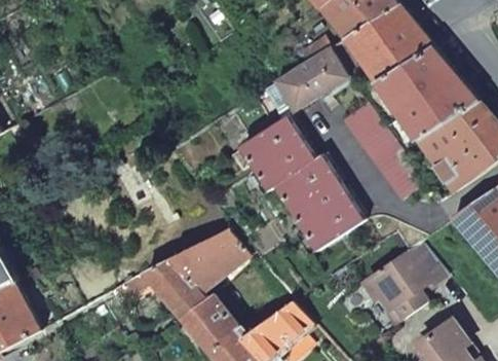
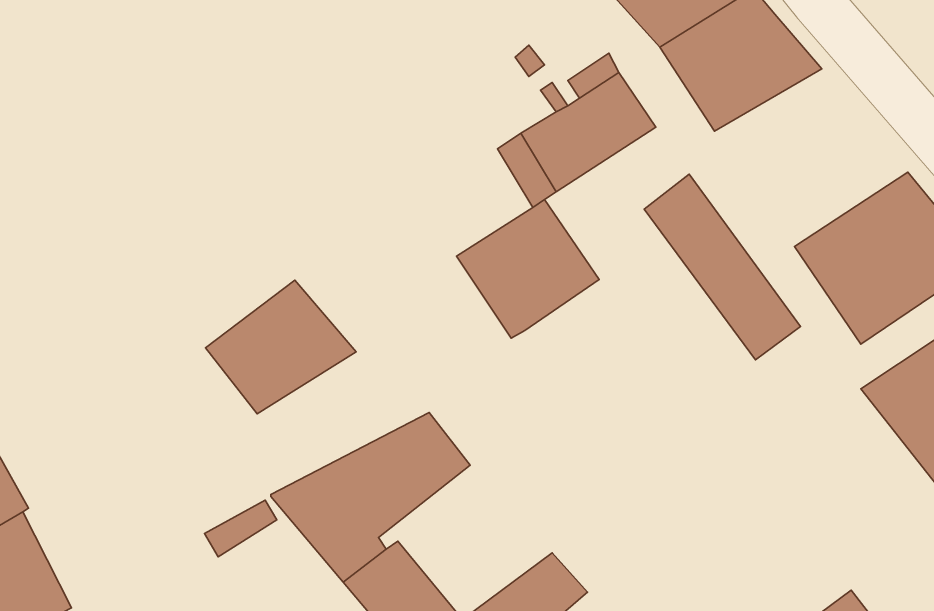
building: [377,46,478,140] -> none
building: [277,153,365,248] -> none
building: none -> [206,280,356,414]
building: [363,239,445,324] -> none

